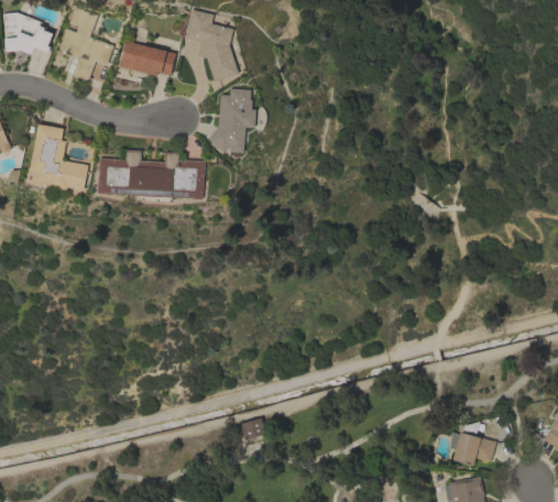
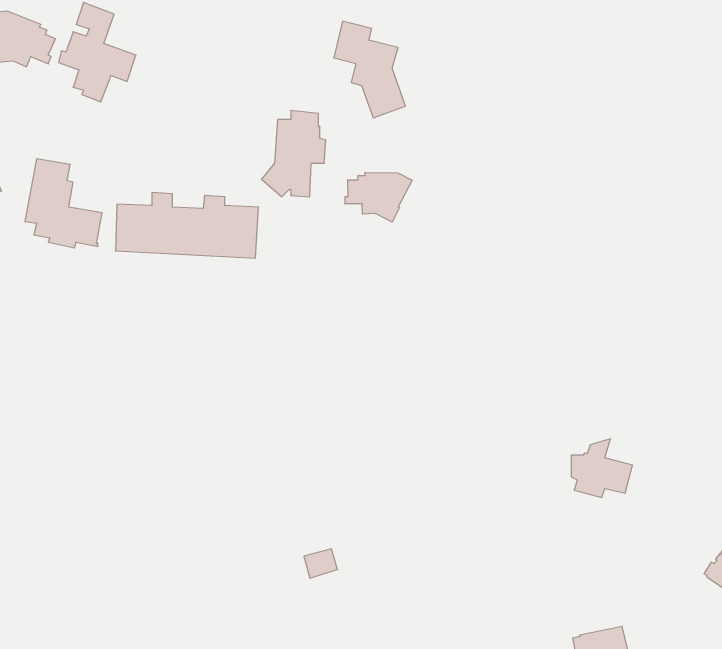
building: [185,10,239,83] -> [334,21,405,118]
building: [119,41,176,76] -> none
building: none -> [345,172,412,222]
building: [450,422,496,466] -> [571,439,633,497]

